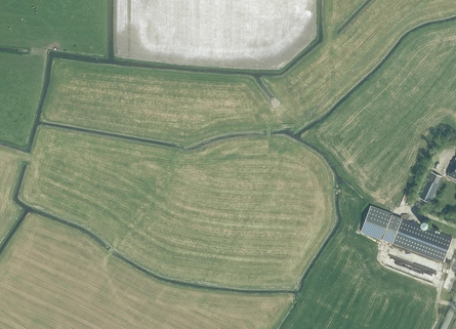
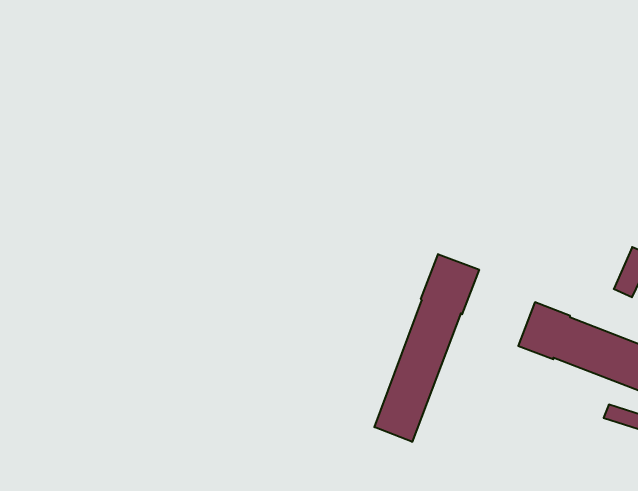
building: none -> [374,254,479,442]

